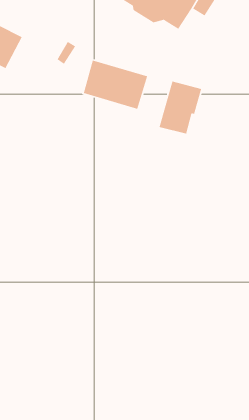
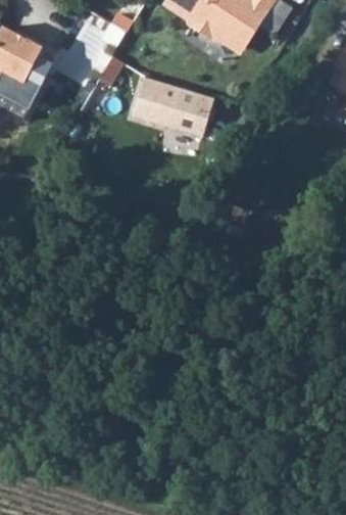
building: [159,81,202,134] -> none

